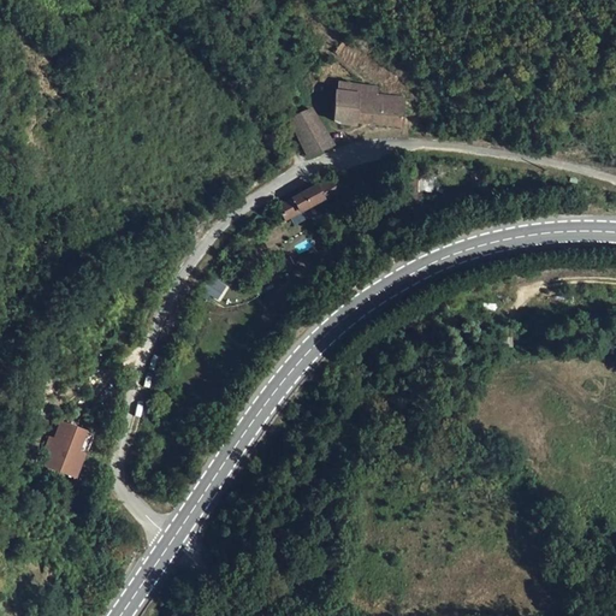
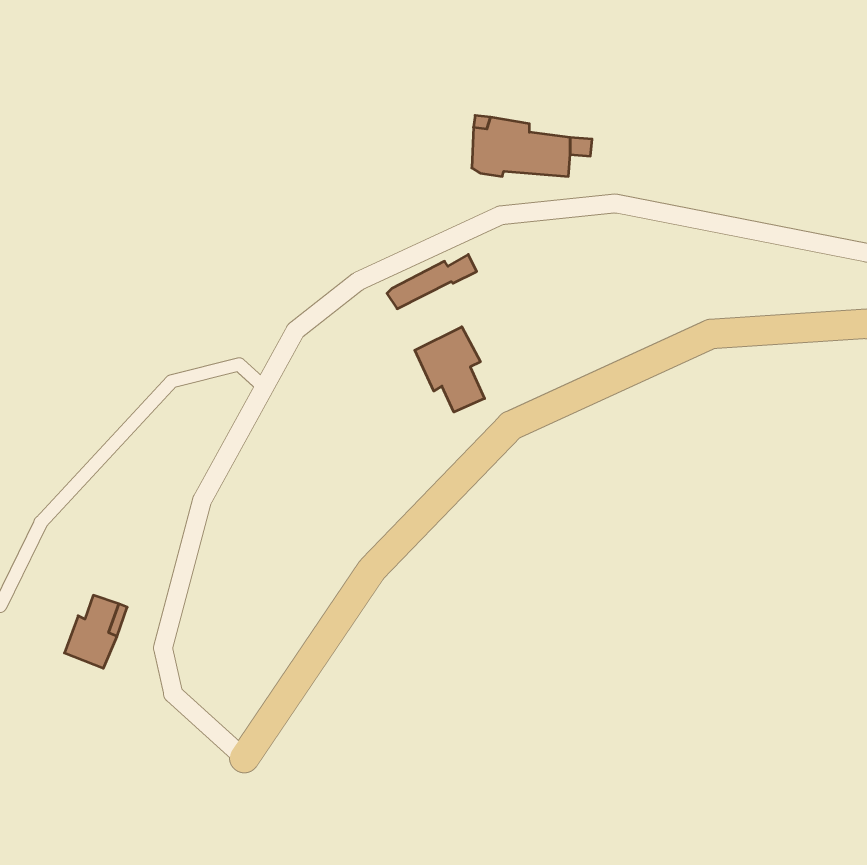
building: [291,108,333,155] -> none
building: none -> [415,327,485,412]

